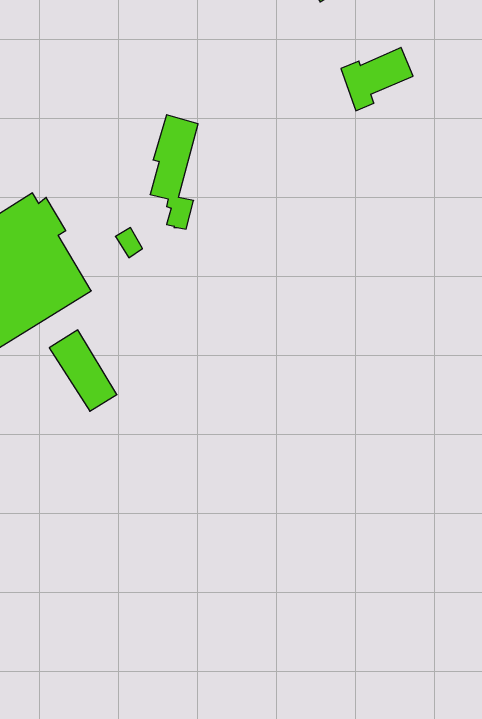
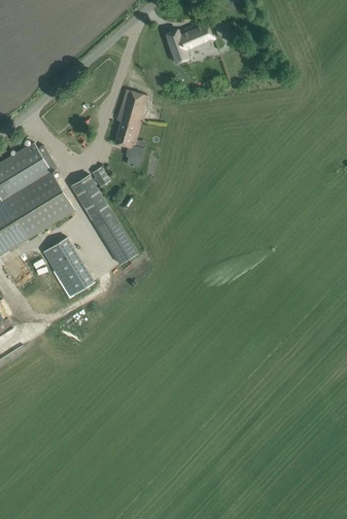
building: [341,47,413,111] -> [165,21,214,64]
building: none -> [70,175,137,265]

